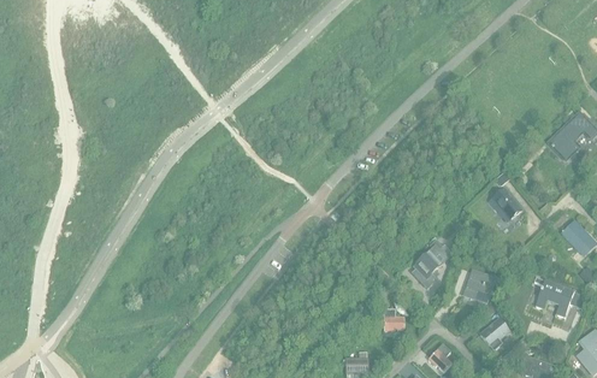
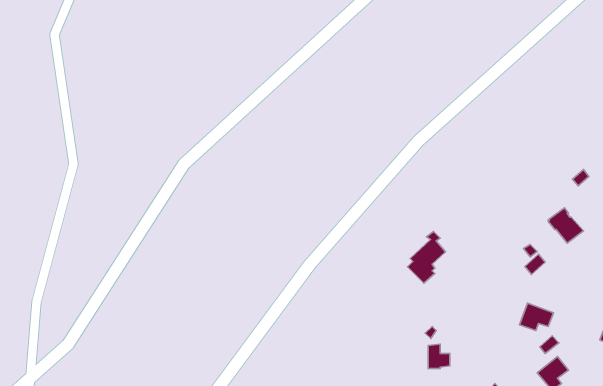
building: [412,241,445,287] -> [407,231,446,283]

